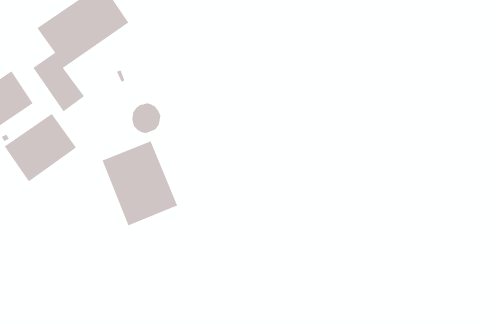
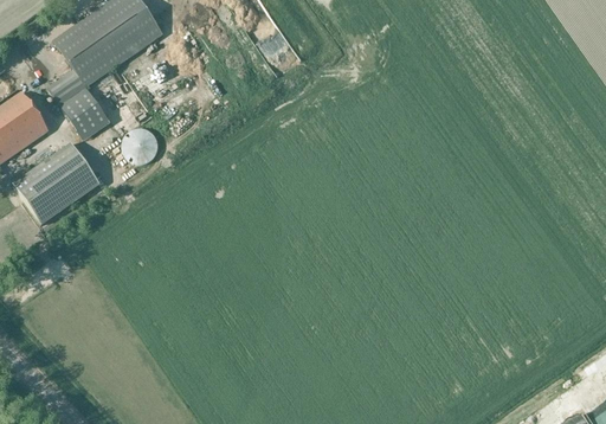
building: [131,103,161,134] -> [123,128,159,165]
building: [102,141,178,226] -> none

